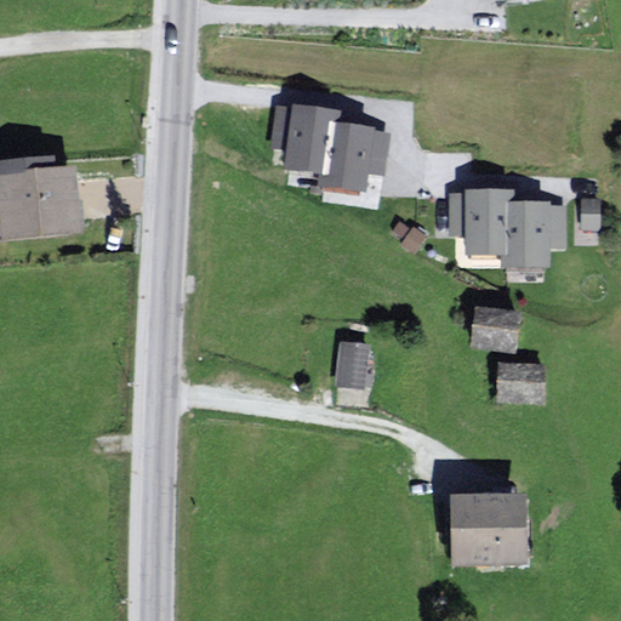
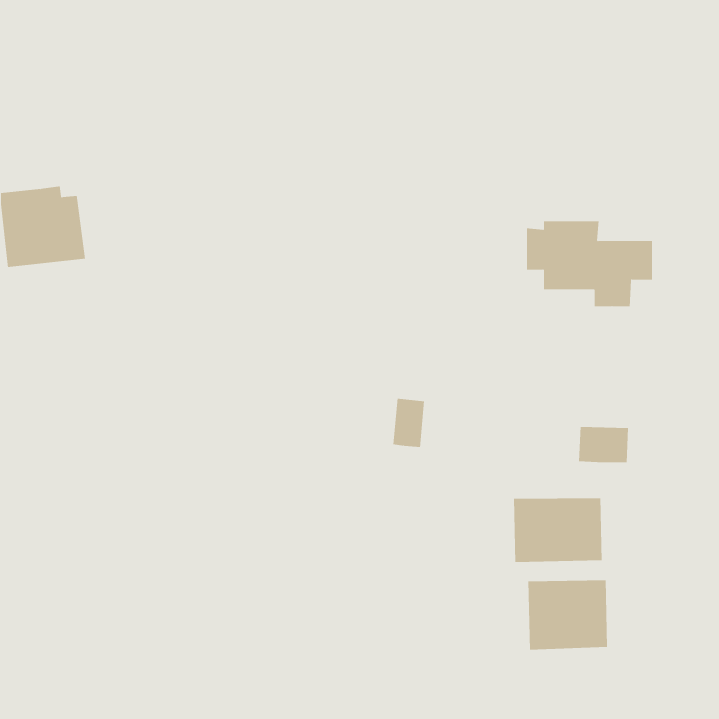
building: [277,104,384,192] -> none
building: [474,309,519,349] -> none
building: none -> [513,498,602,563]

